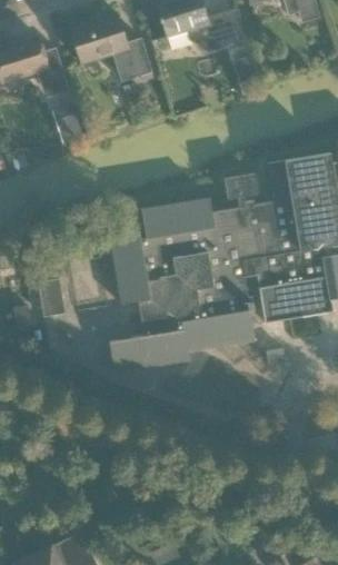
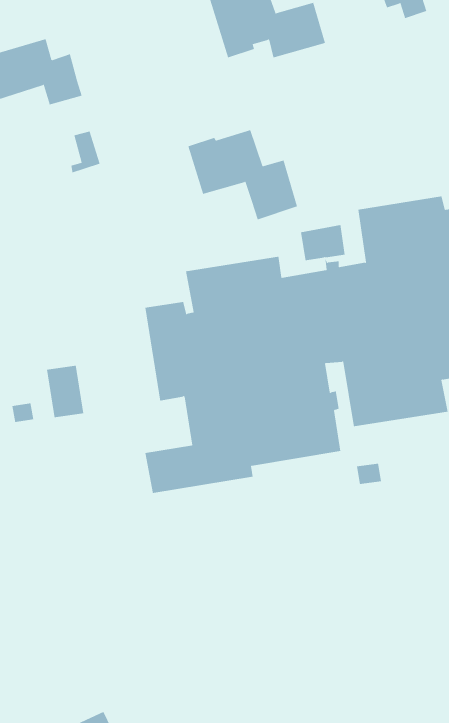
building: [70,16,151,82] -> [187,129,298,220]

